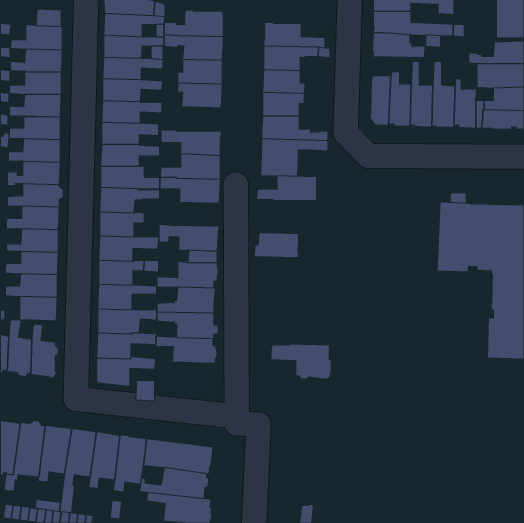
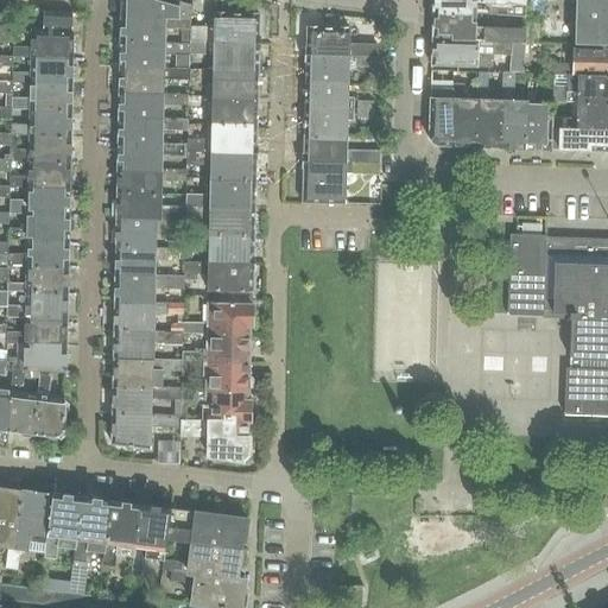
building: [256,176,317,200] -> [186,124,256,152]
building: [254,233,299,258] -> [202,234,254,262]
building: [271,344,331,379] -> [179,419,249,460]

